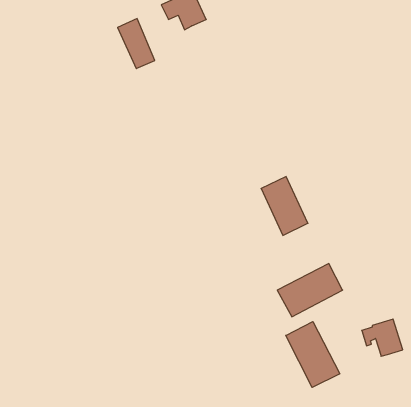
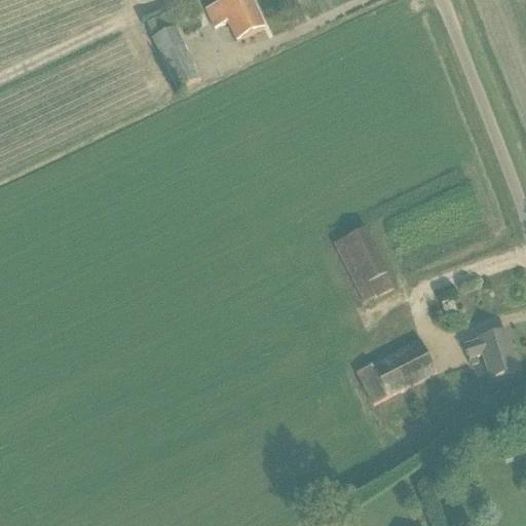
building: [362,319,403,356] -> [464,328,517,375]
building: [286,322,340,387] -> none

